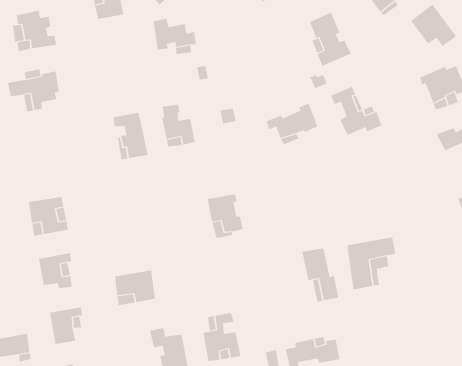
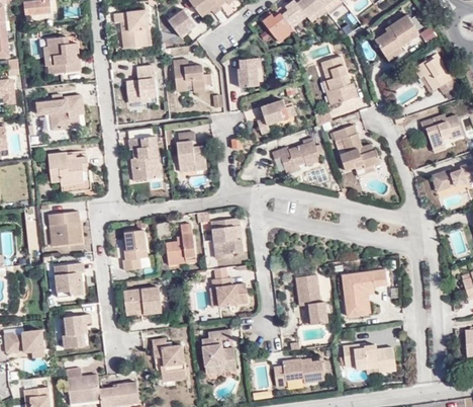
building: none -> [236,58,260,87]
building: none -> [124,63,157,101]
building: none -> [258,100,298,136]
building: none -> [48,150,90,192]
building: none -> [163,222,195,263]
building: none -> [120,229,146,269]
building: none -> [214,277,251,307]
building: none -> [345,343,398,373]

